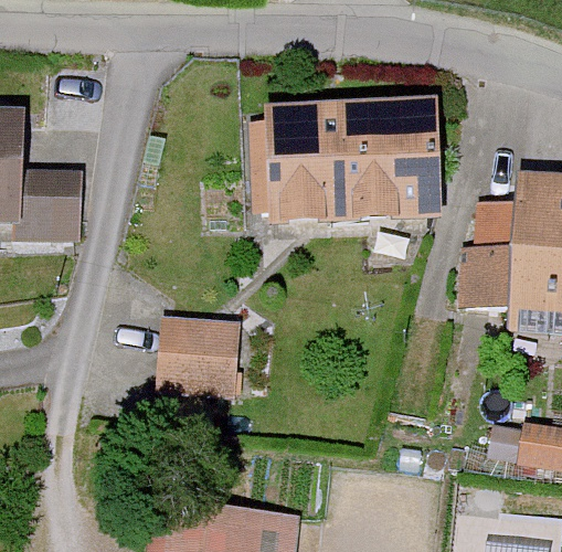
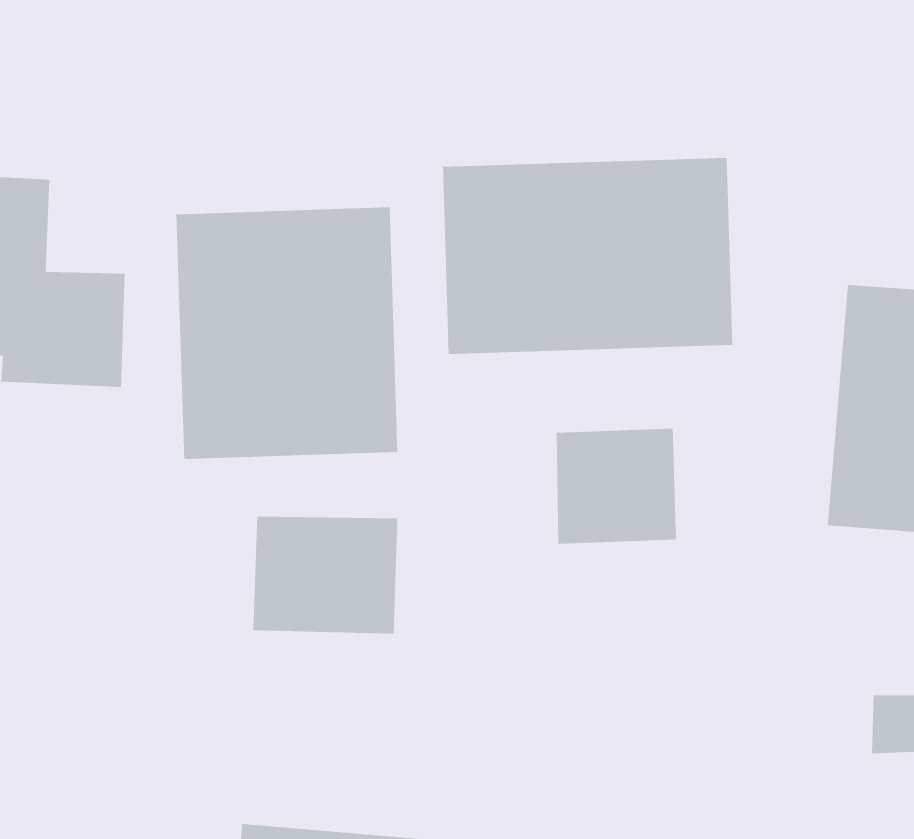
building: none -> [176,207,398,460]
building: none -> [556,428,677,545]

